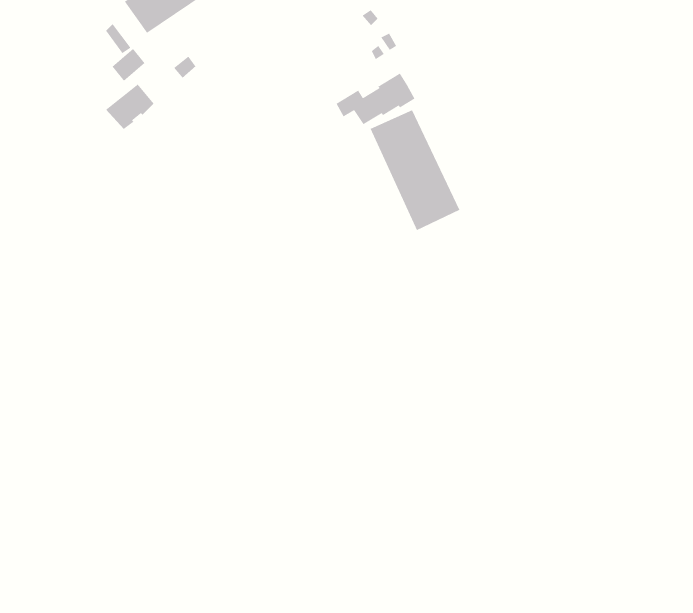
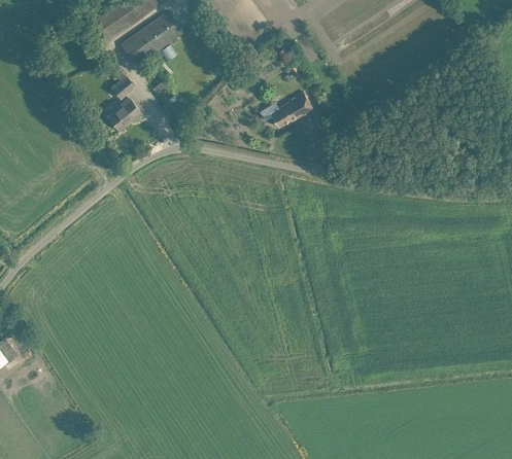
building: [370,109,460,231] -> none

